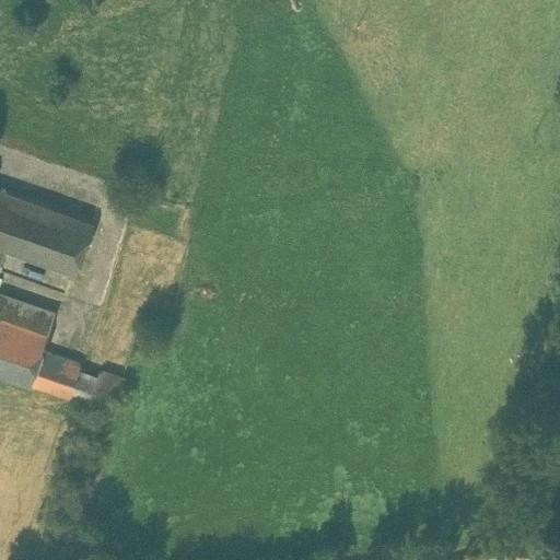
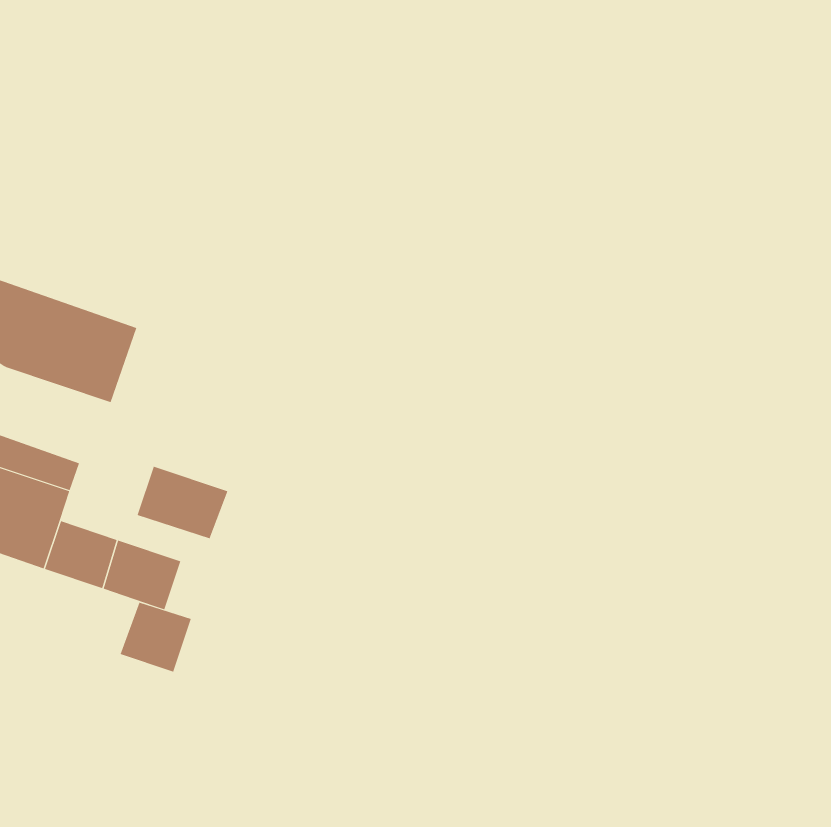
building: none -> [137,466,228,539]
building: none -> [120,602,191,672]

